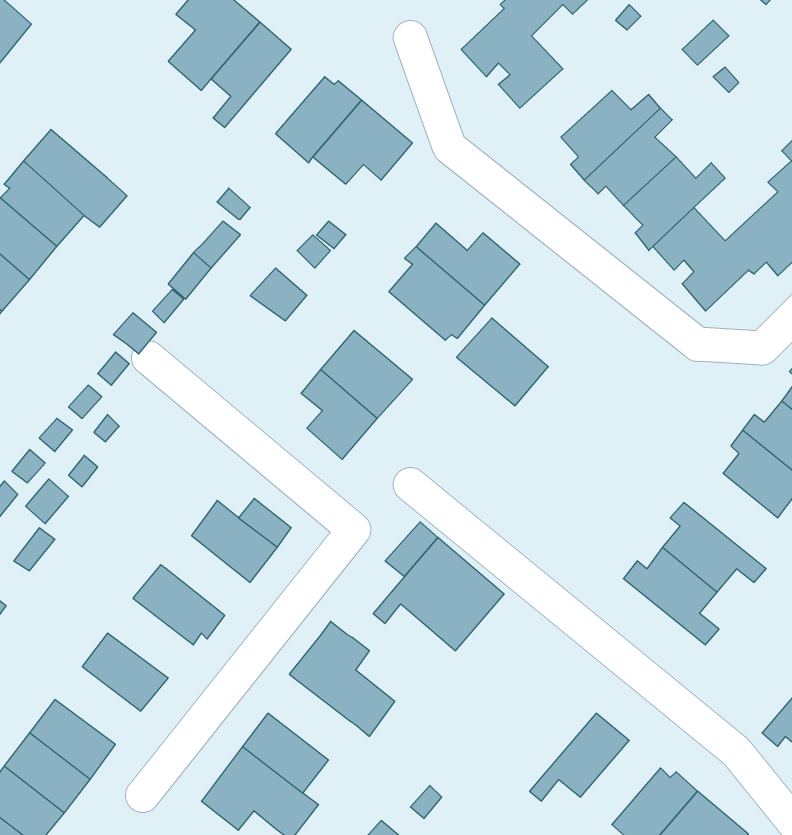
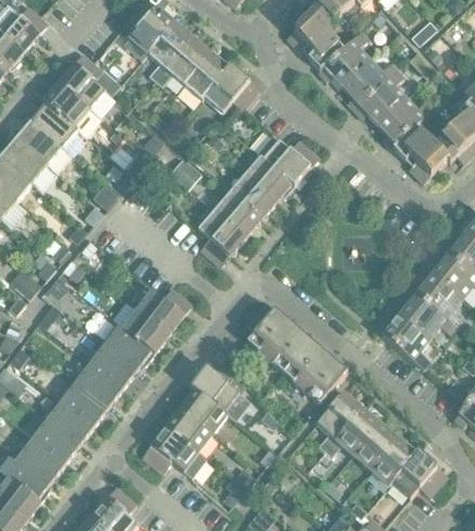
building: none -> [317,30,370,86]
building: none -> [154,37,210,86]
building: none -> [58,53,105,109]
building: [457,318,548,406] -> [226,172,277,221]
building: none -> [410,273,462,326]
building: none -> [122,308,168,353]
building: none -> [283,341,346,404]
building: none -> [89,343,137,387]
building: none -> [60,381,108,424]
building: none -> [178,385,227,433]
building: none -> [315,391,361,450]
building: none -> [352,422,397,469]

